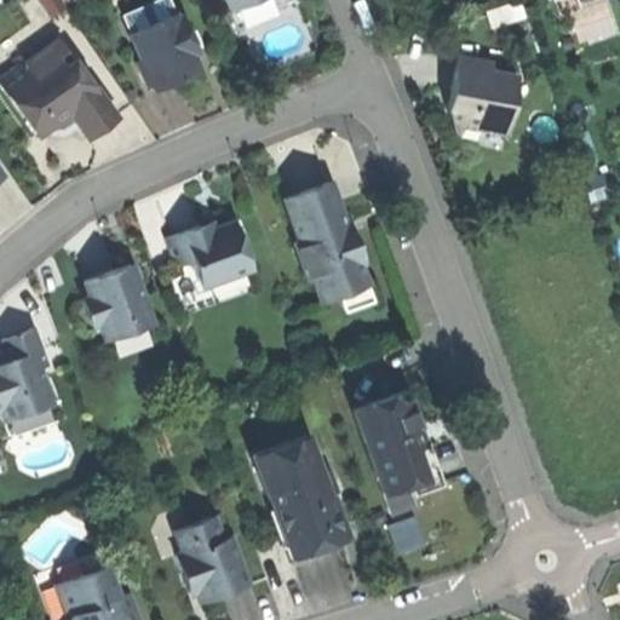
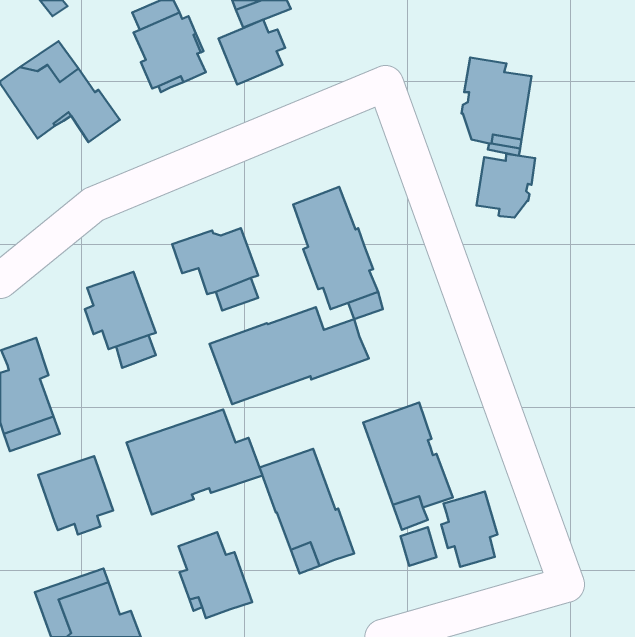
building: none -> [219,20,285,85]
building: none -> [476,154,535,218]
building: none -> [210,307,369,404]
building: none -> [126,410,262,514]
building: none -> [38,456,113,535]
building: none -> [441,491,498,567]

